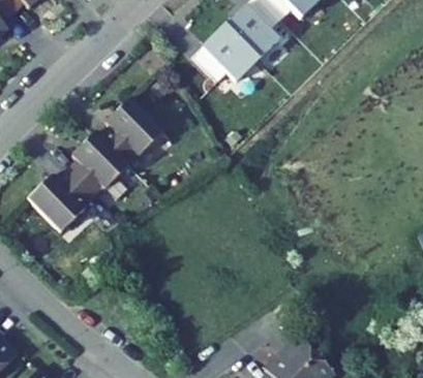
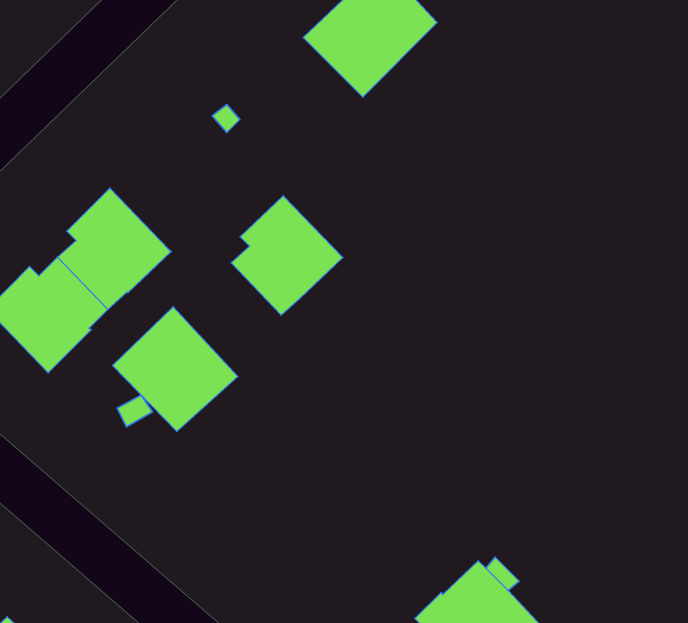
building: [100,98,162,164] -> [231,196,343,315]
building: none -> [112,307,238,431]

